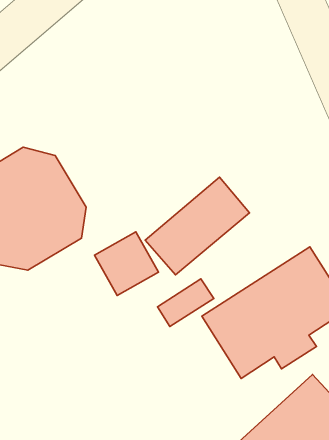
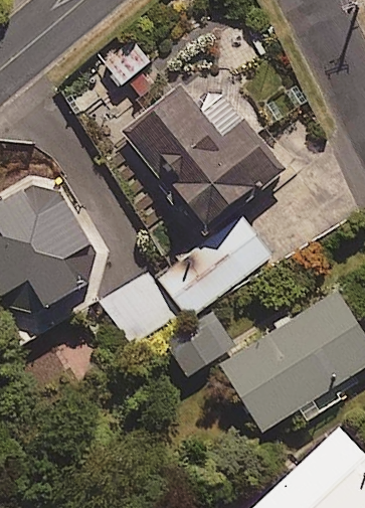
building: none -> [122,67,283,231]

